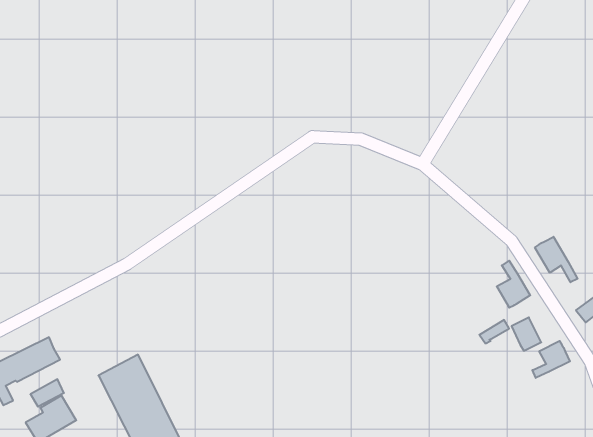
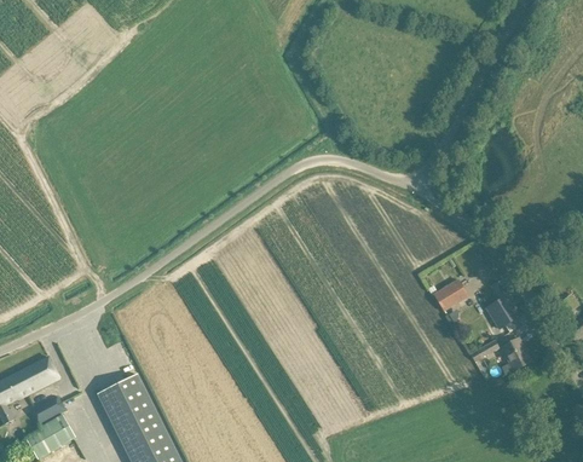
building: [535,237,578,282] -> none
building: none -> [434,279,468,311]
building: [532,341,570,378] -> none

